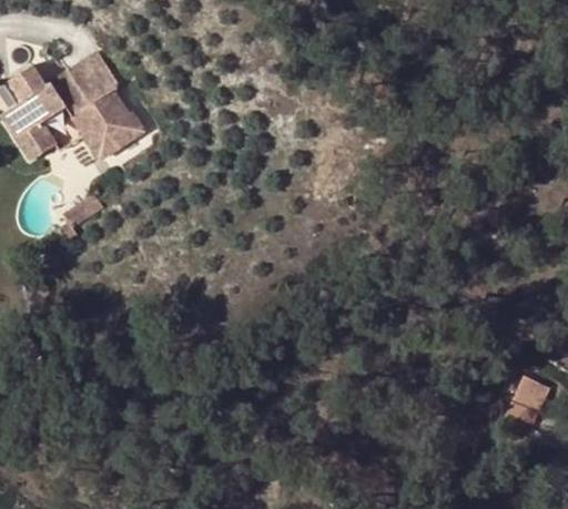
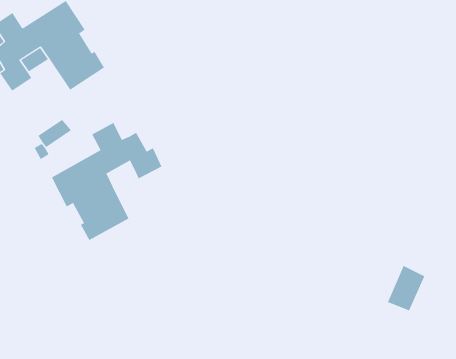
building: none -> [51,122,162,241]

